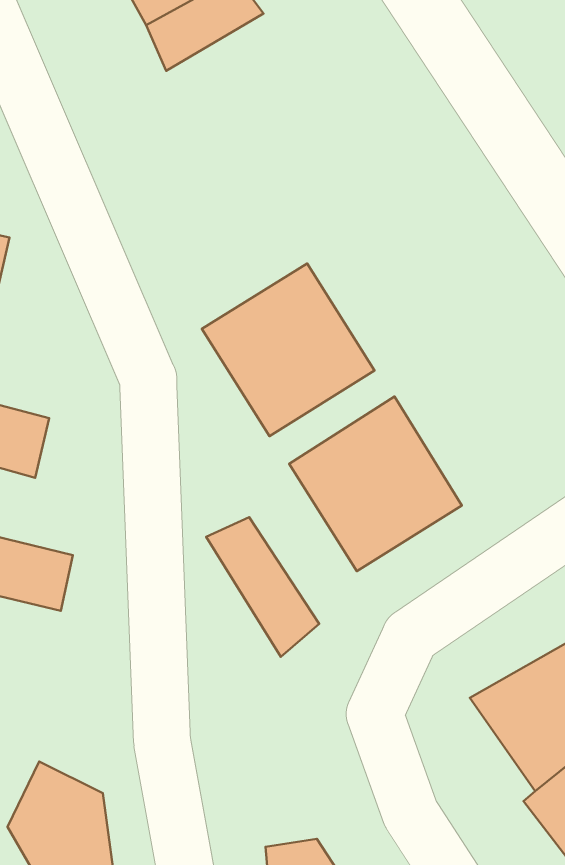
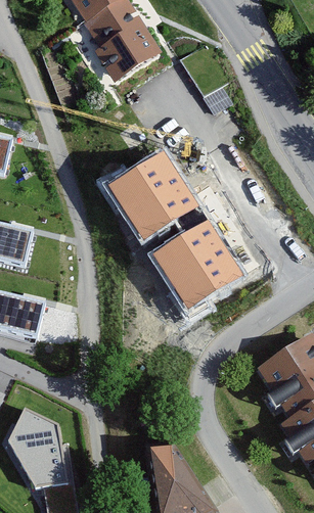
building: none -> [91,21,161,87]
building: [206,517,319,657] -> none

